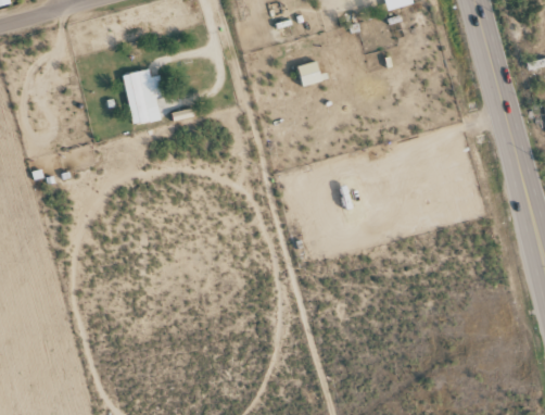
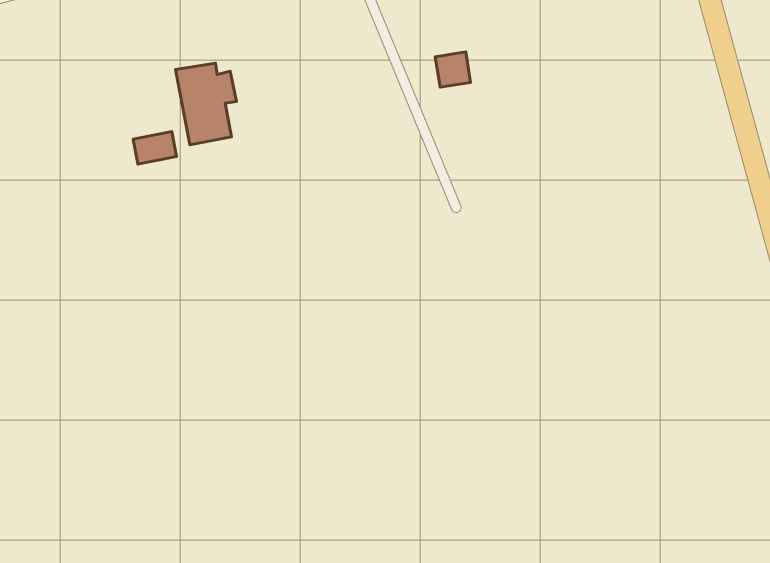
building: none -> [133,132,177,164]

